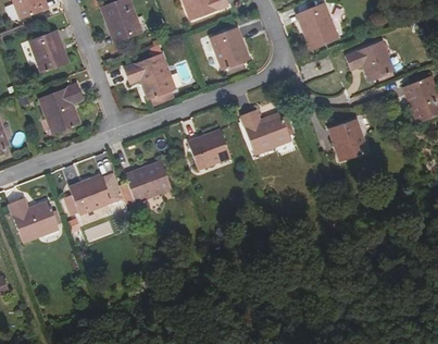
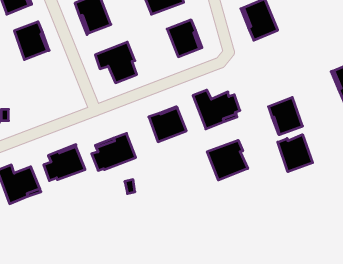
building: [345,40,396,82] -> none
building: [38,83,84,134] -> none
building: none -> [278,135,313,172]
building: none -> [207,140,248,180]

